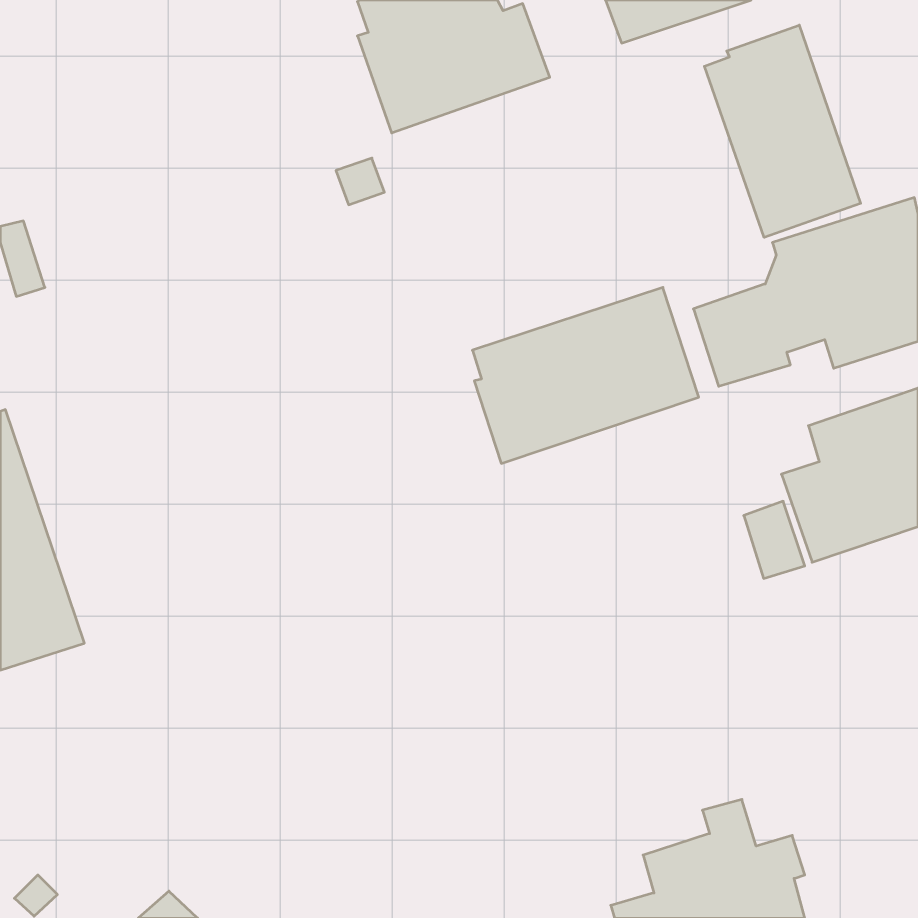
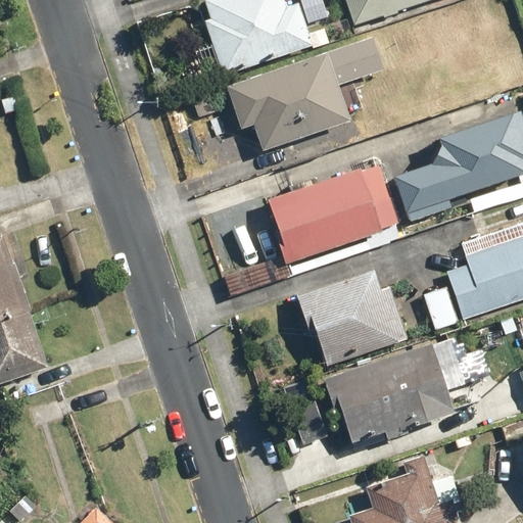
building: [704,25,861,237] -> none
building: none -> [226,36,384,151]
building: none -> [296,270,408,366]
building: none -> [323,340,456,442]

